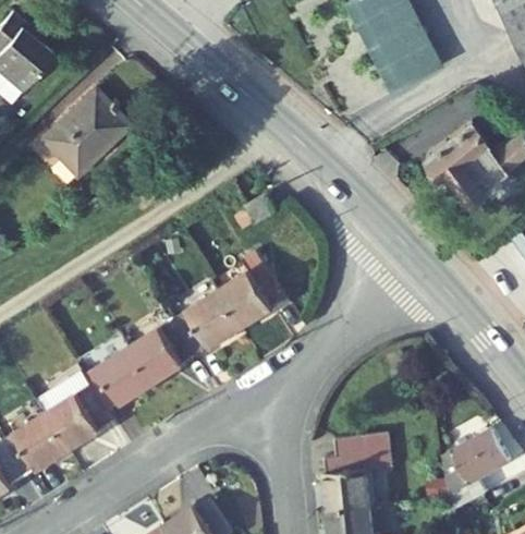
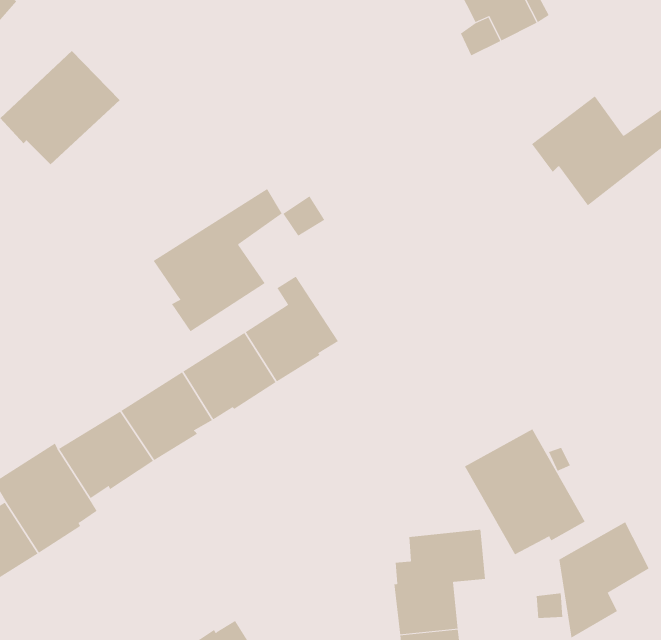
building: none -> [153,188,283,332]
building: none -> [464,429,586,555]

